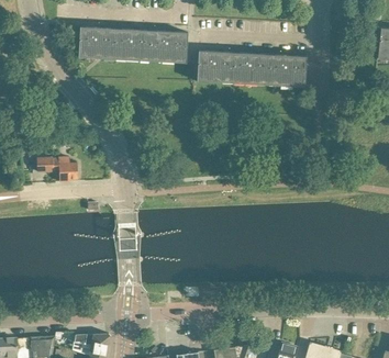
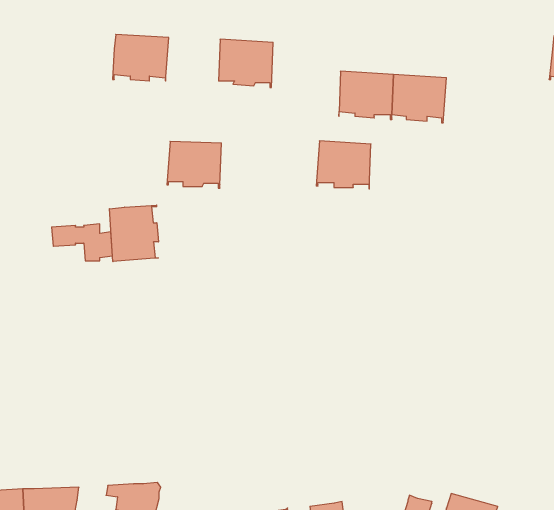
building: [114,30,152,61] -> [167,141,221,188]
building: [197,51,234,83] -> [316,141,371,189]
building: none -> [109,205,158,262]

